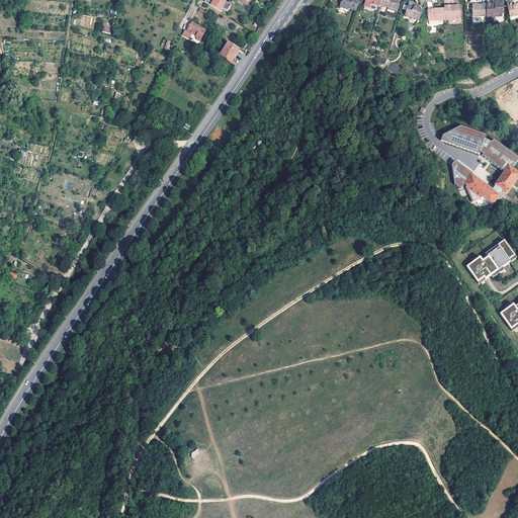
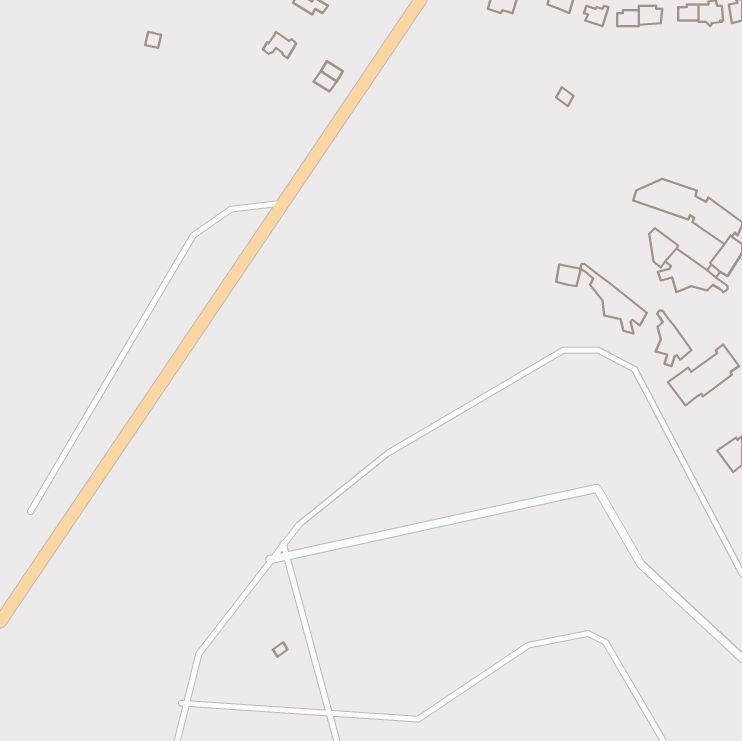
building: none -> [581,264,647,333]
building: none -> [655,310,691,366]

